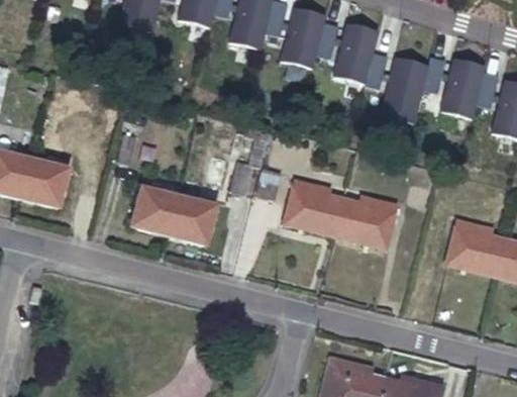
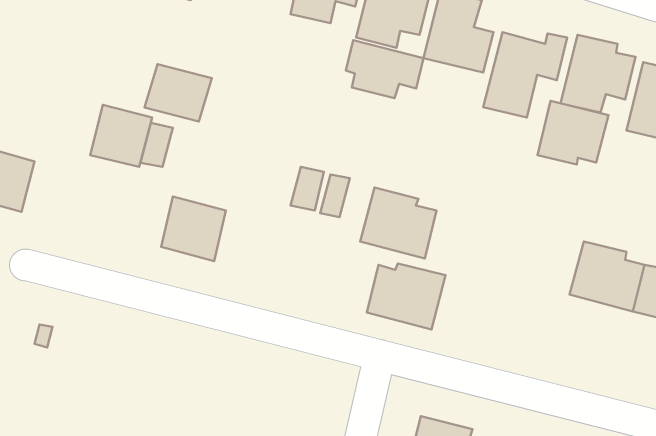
building: none -> [346,40,424,98]
building: none -> [144,64,212,122]
building: none -> [537,101,609,165]
building: [19,158,68,206] -> [90,105,152,167]
building: [334,195,396,246] -> [367,263,446,329]
building: [170,196,216,244] -> none

